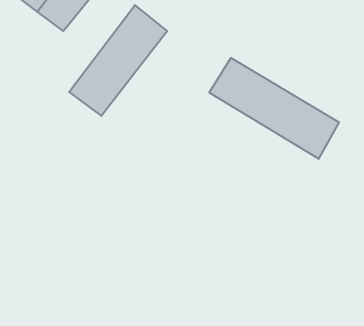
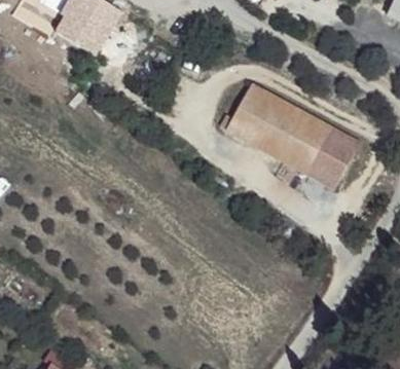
building: [69,5,167,116] -> none

